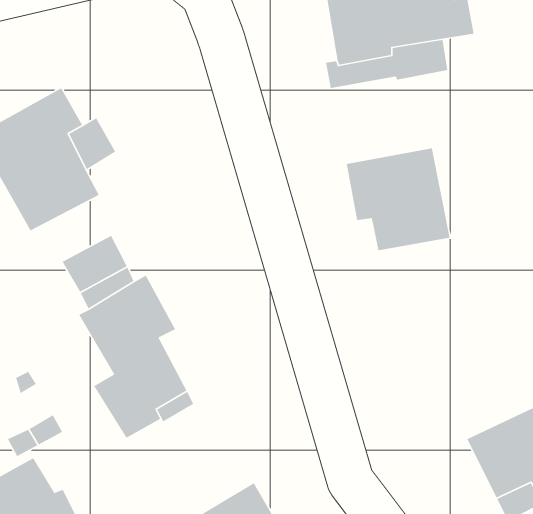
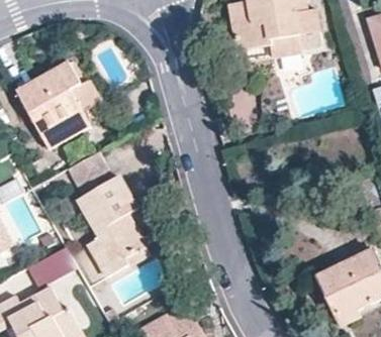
building: [346,147,451,251] -> none

